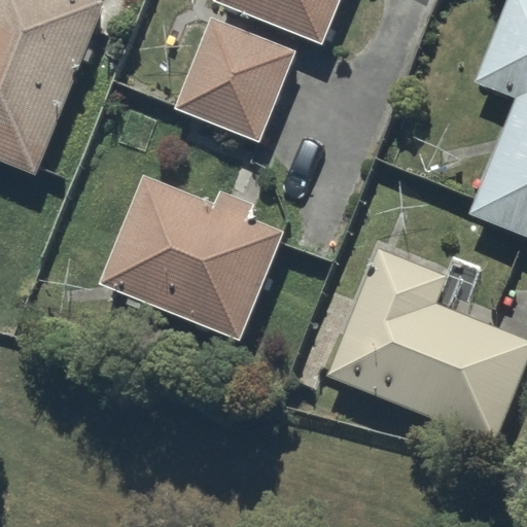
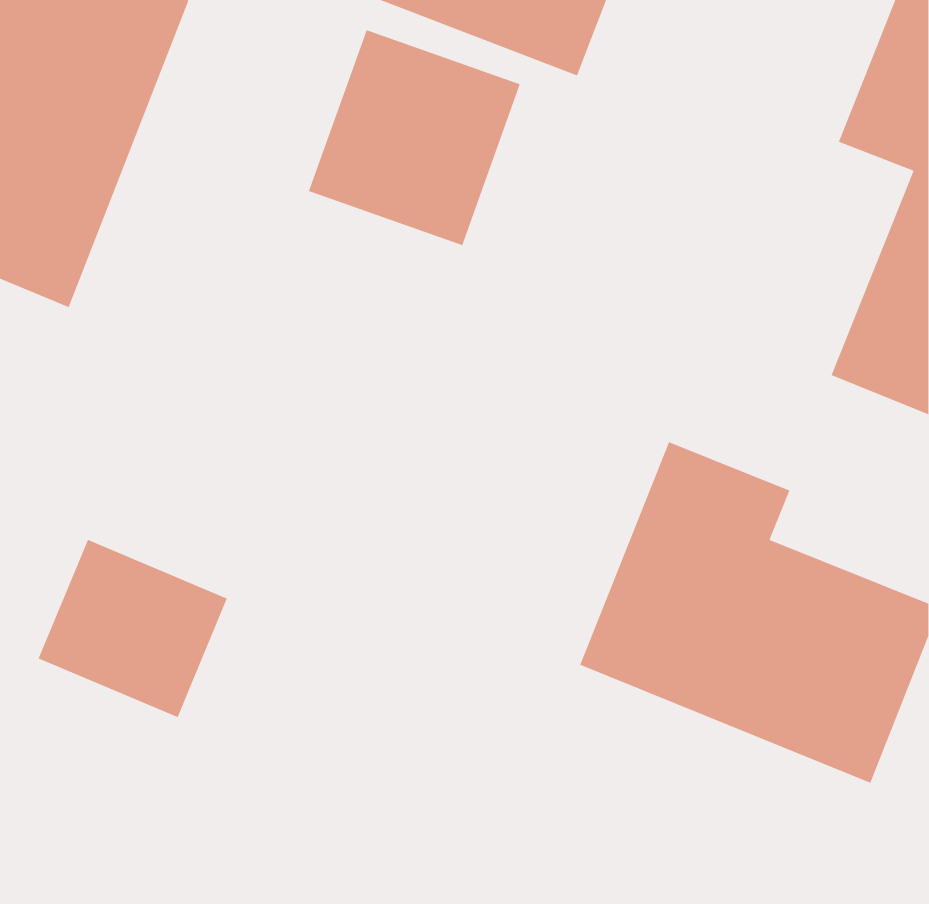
building: [103,177,286,343] -> none
building: none -> [38,539,228,718]

